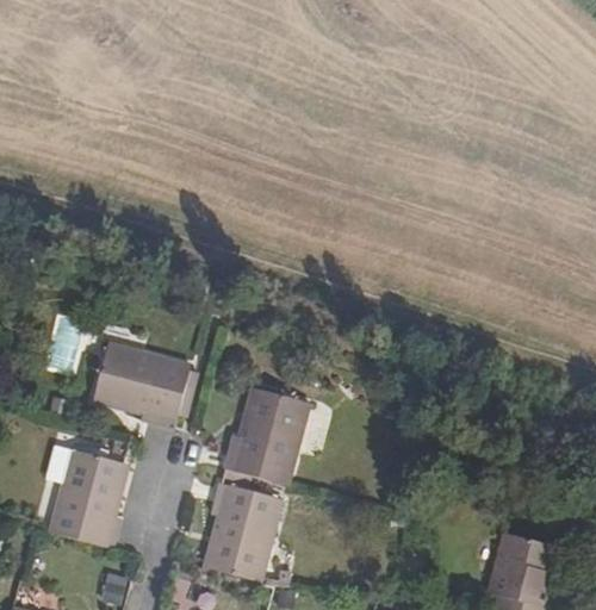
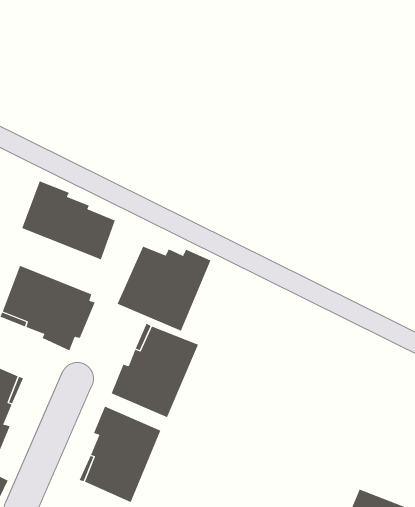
building: none -> [22,181,116,260]
building: none -> [117,246,211,331]

